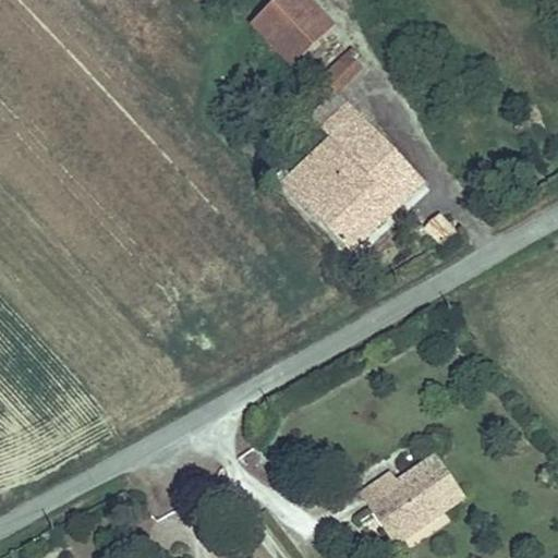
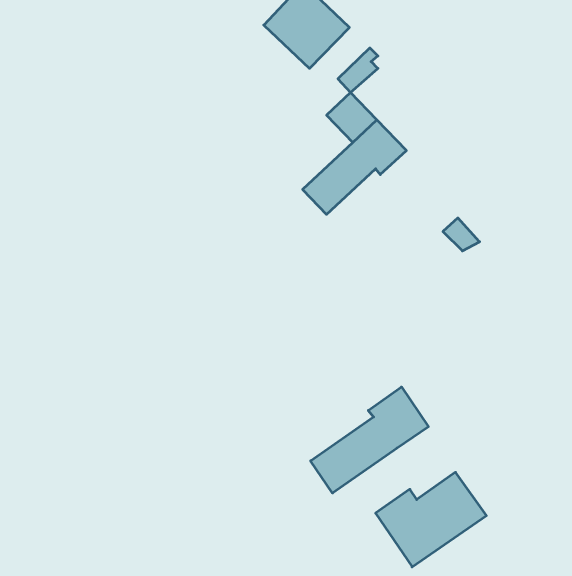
building: [312,144,422,247] -> none
building: none -> [311,387,428,493]

